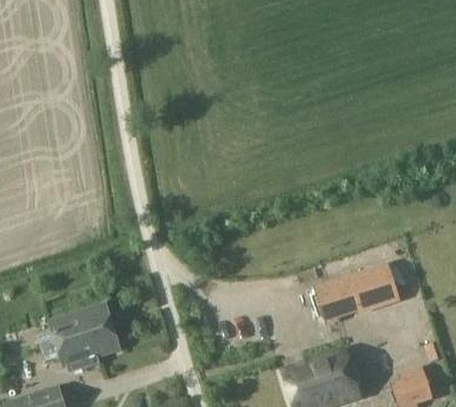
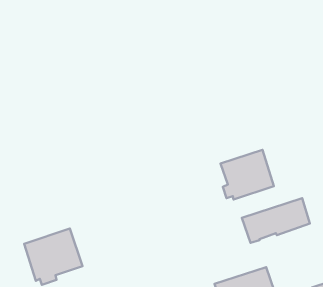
building: none -> [221,150,274,200]

